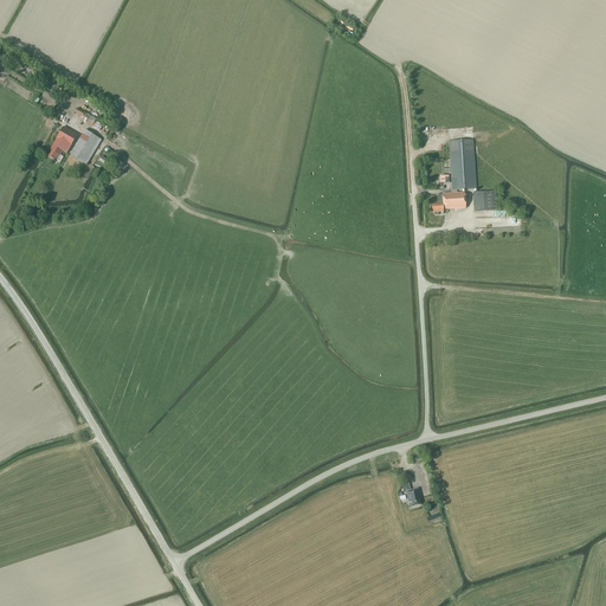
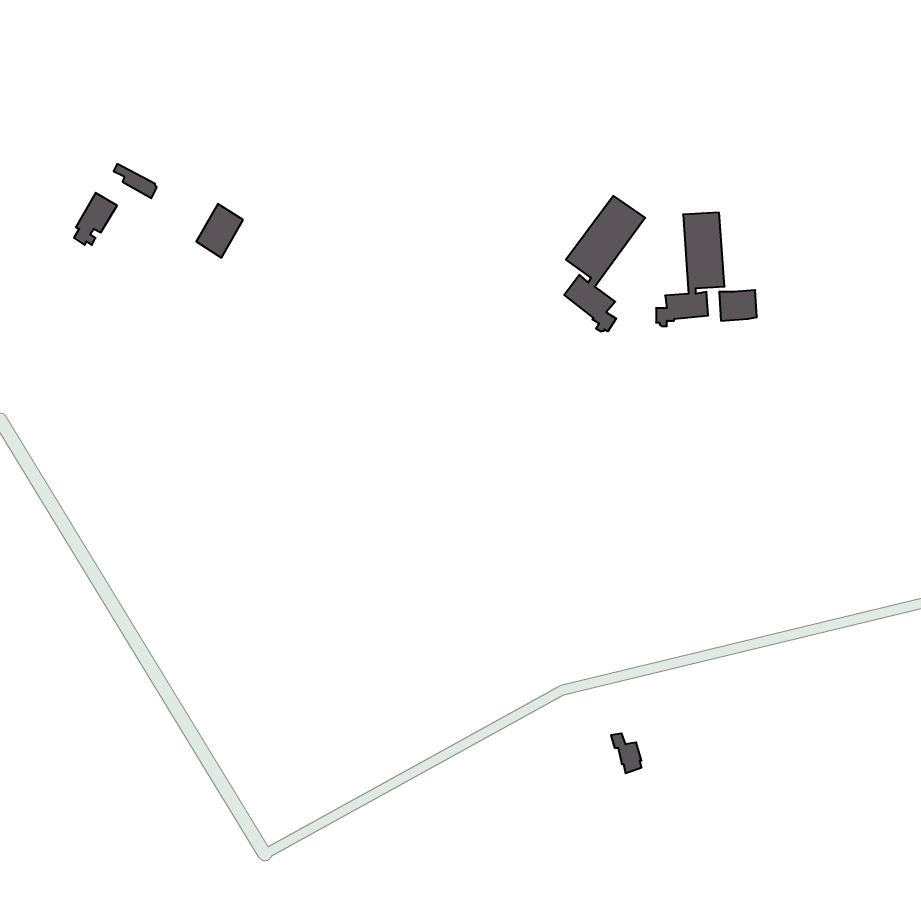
building: none -> [564,196,645,332]
building: [70,129,101,165] -> [196,204,243,258]

